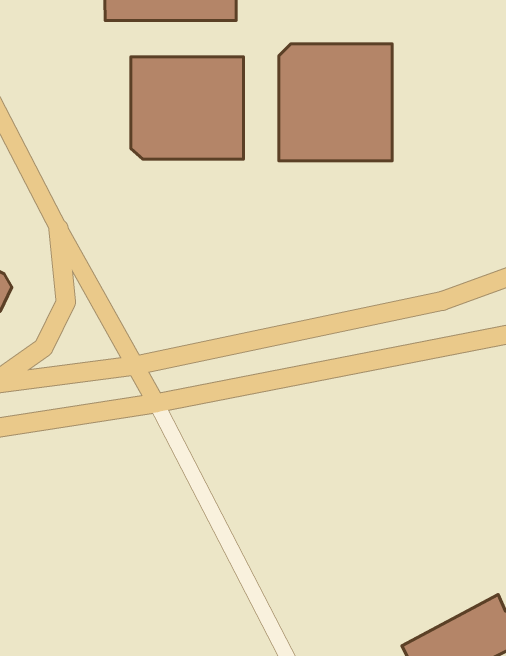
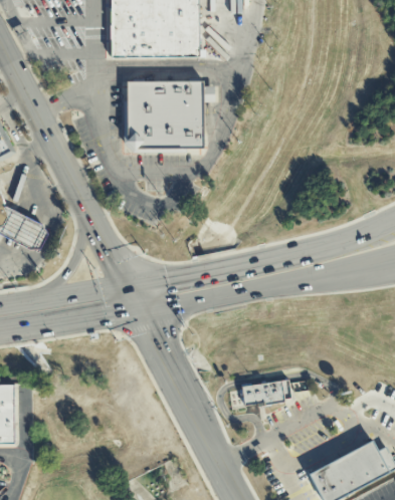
building: [279,44,392,161] -> none
building: none -> [239,379,290,405]

